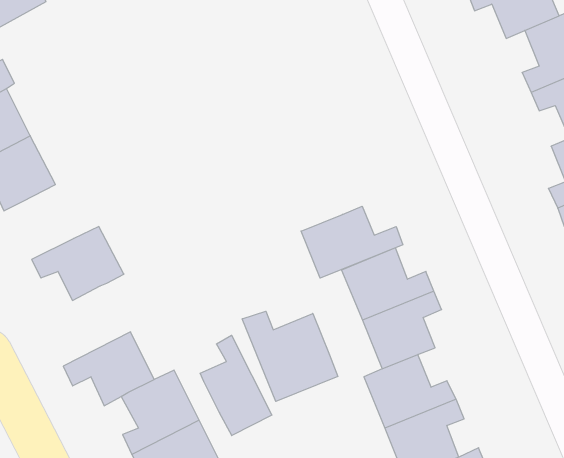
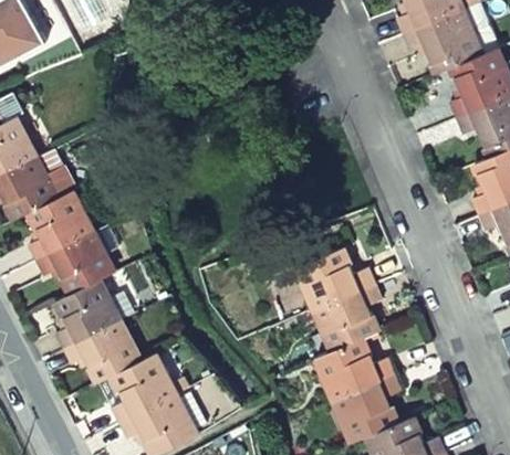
building: none -> [30,188,94,258]
building: [301,206,403,278] -> none
building: none -> [55,278,121,348]
building: [242,311,338,401] -> none
building: [200,335,272,436] -> none

